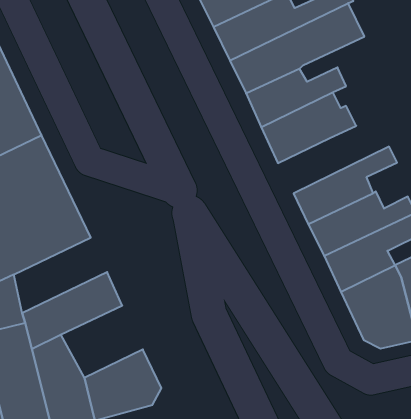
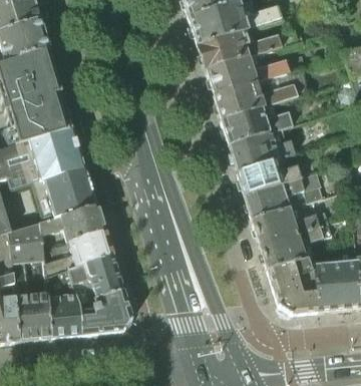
building: none -> [237,160,317,196]
building: none -> [39,206,105,252]
building: none -> [66,257,122,304]

